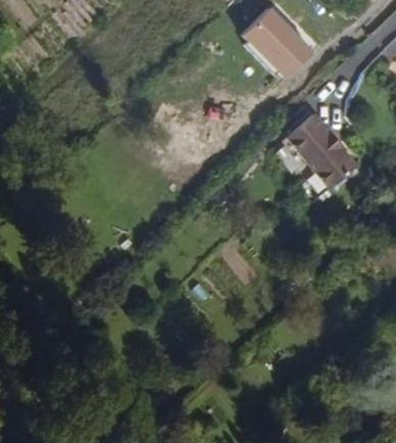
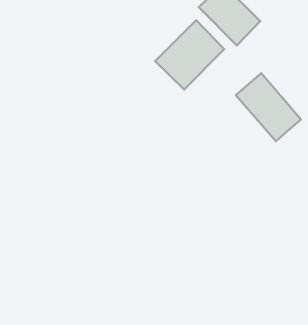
building: none -> [155,20,224,89]

